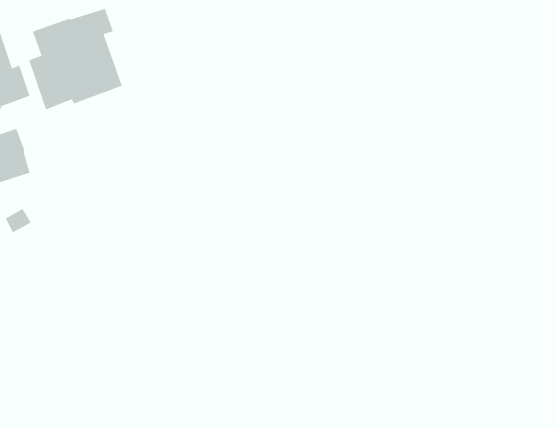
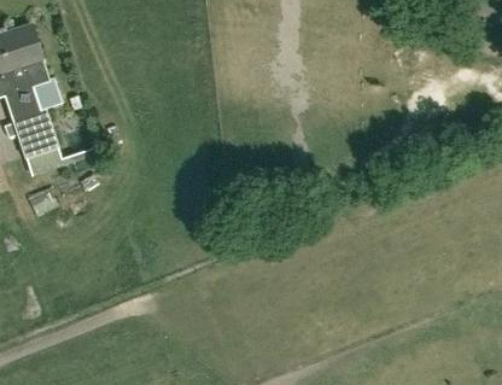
building: [28,8,123,110] -> none

